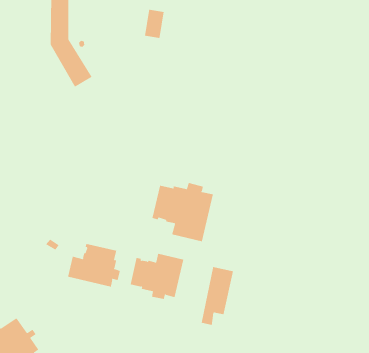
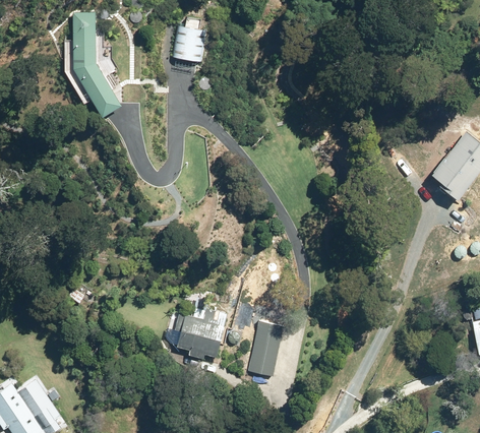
building: [152,182,213,242] -> none
building: [68,243,121,287] -> none

